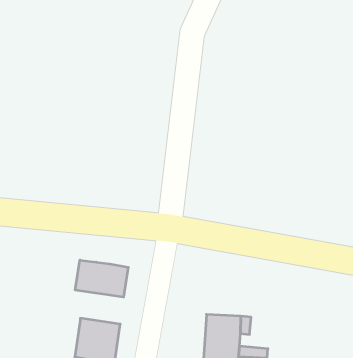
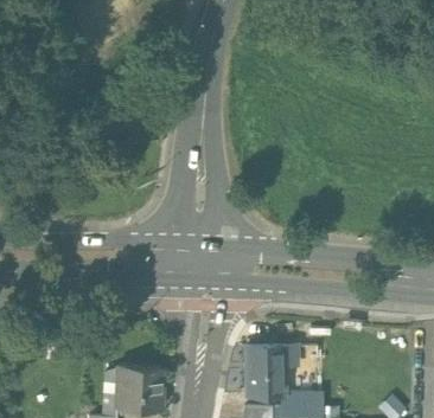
building: [75,260,128,297] -> none

